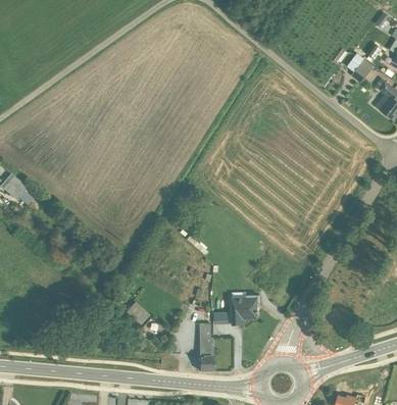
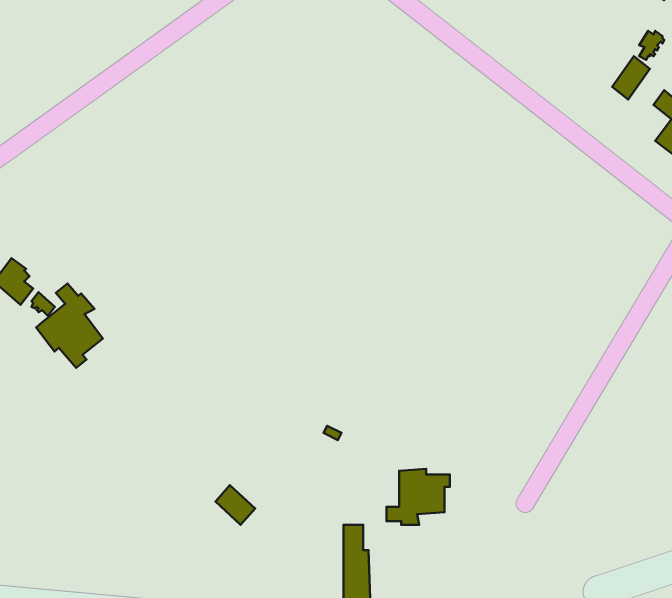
building: none -> [36,284,103,368]

